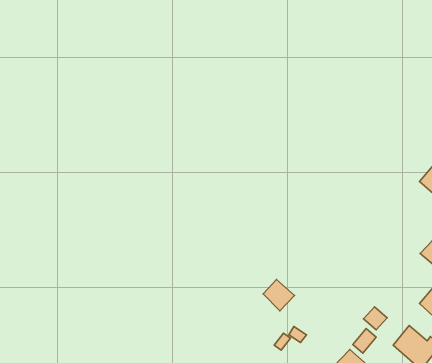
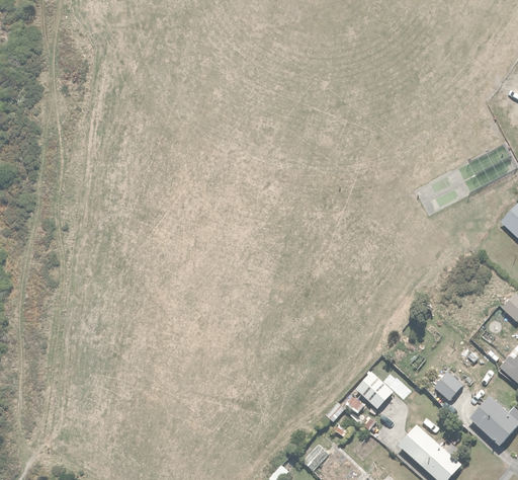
building: [263,279,294,311] -> [357,372,395,409]
building: [353,329,376,353] -> none

